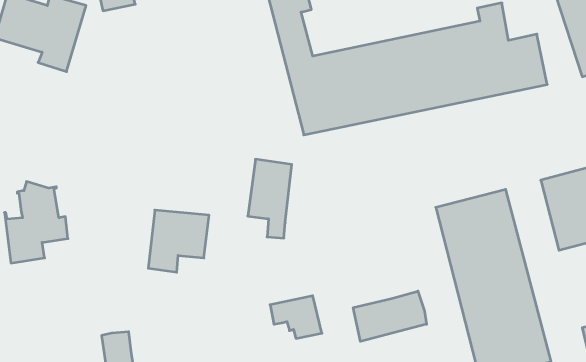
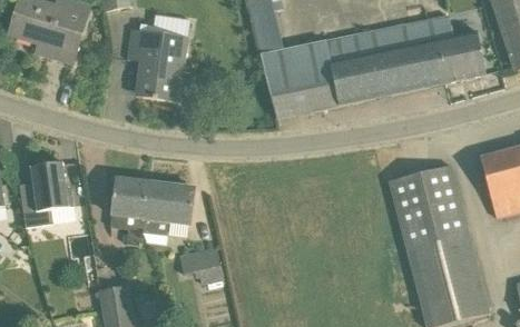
building: none -> [128,28,187,101]
building: [248,159,292,238] -> [110,177,148,245]
building: [353,291,427,341] -> none
building: [270,296,322,338] -> [179,247,224,284]

